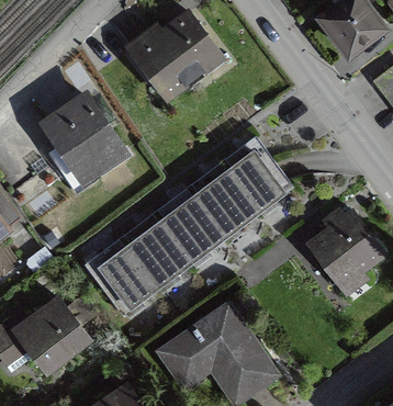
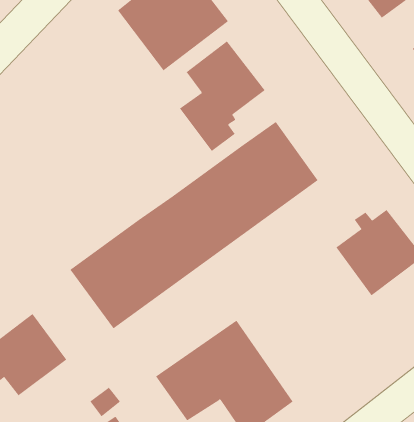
building: none -> [179,40,265,152]
building: [45,98,122,189] -> none

